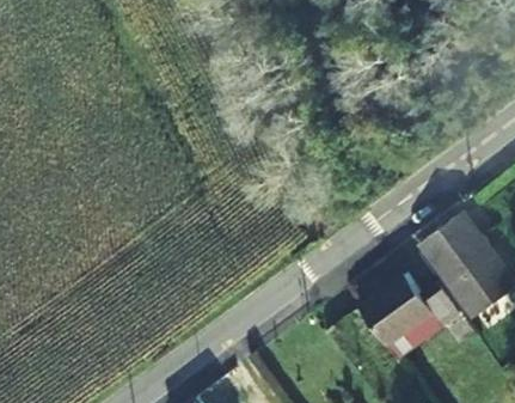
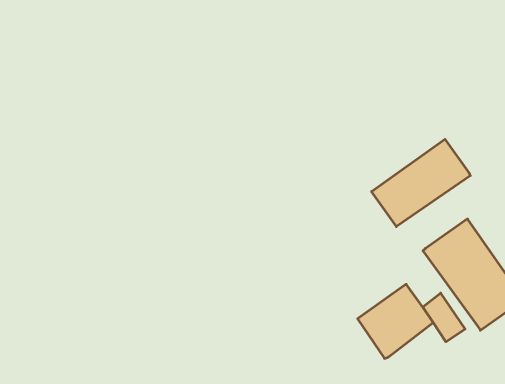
building: none -> [372,139,470,227]

